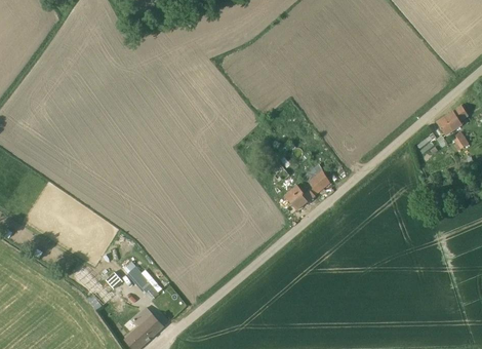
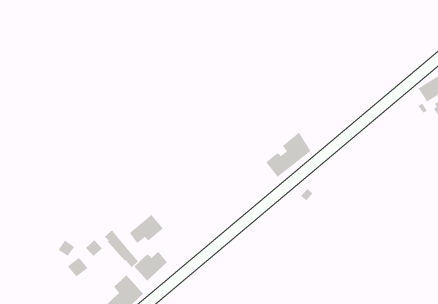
building: none -> [129,214,164,244]
building: none -> [134,251,168,281]

